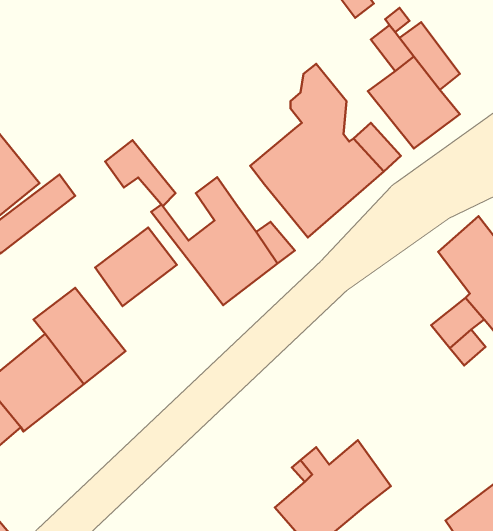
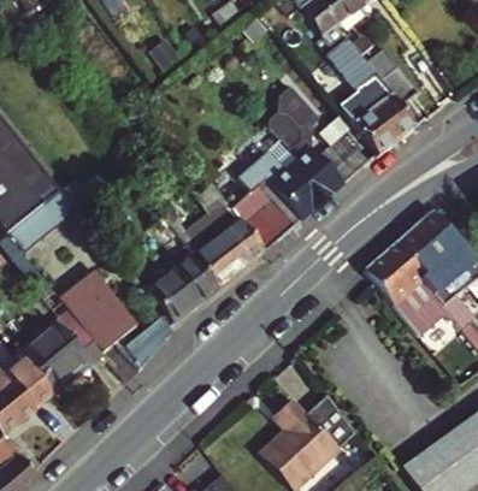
building: [105,140,176,206] -> [229,185,288,241]
building: [95,227,177,306] -> [148,255,217,321]
building: none -> [365,242,424,303]

